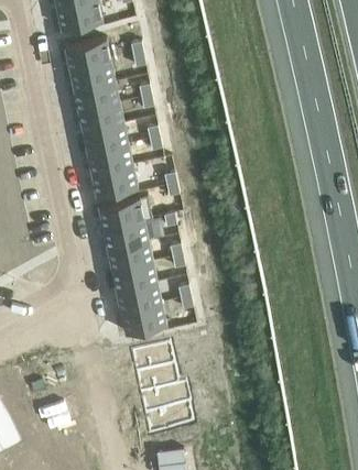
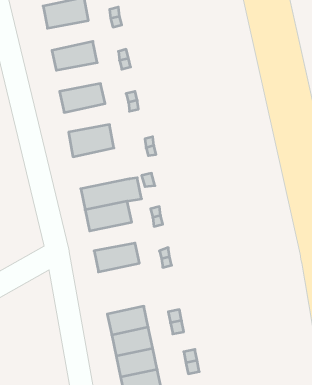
building: [70,63,116,92] -> none
building: [79,105,123,133] -> none
building: [87,145,132,174] -> none
building: [99,196,152,230] -> none
building: [112,263,158,292] -> none
building: [121,304,167,336] -> none

